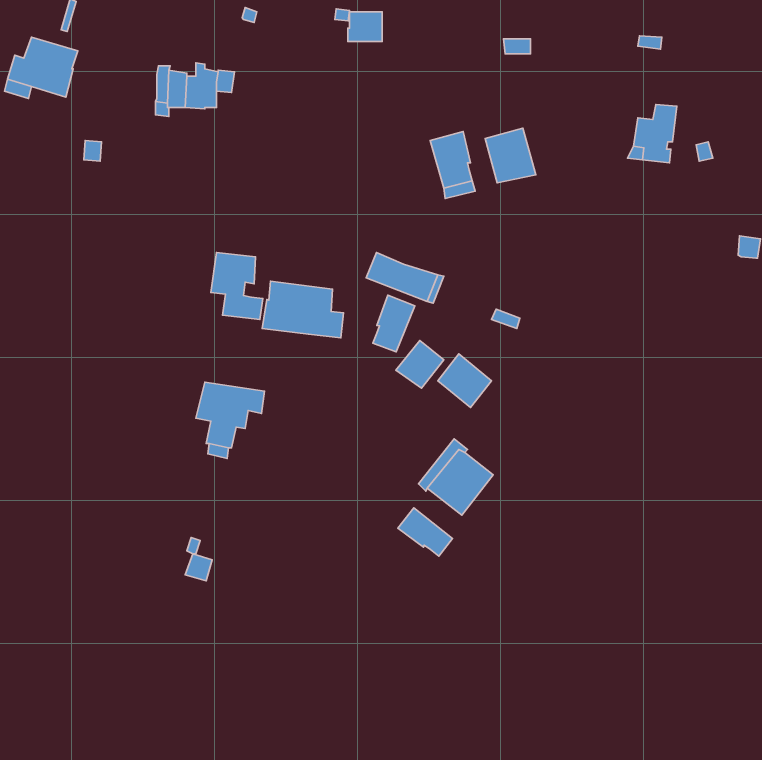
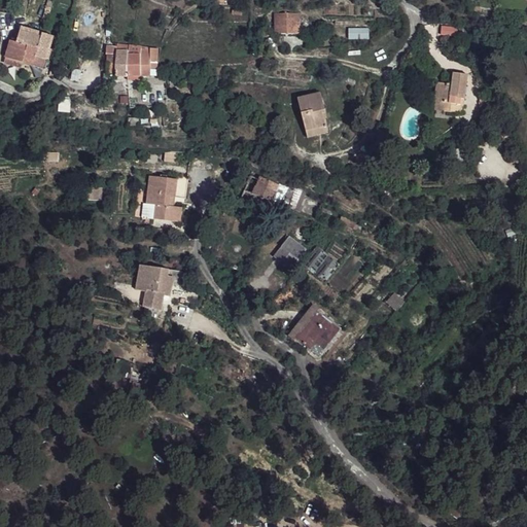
building: [348,12,382,42] -> [275,12,298,33]
building: [485,128,536,183] -> none
building: [262,281,343,338] -> none
building: [373,295,415,352] -> none
building: [398,508,452,556] -> none

